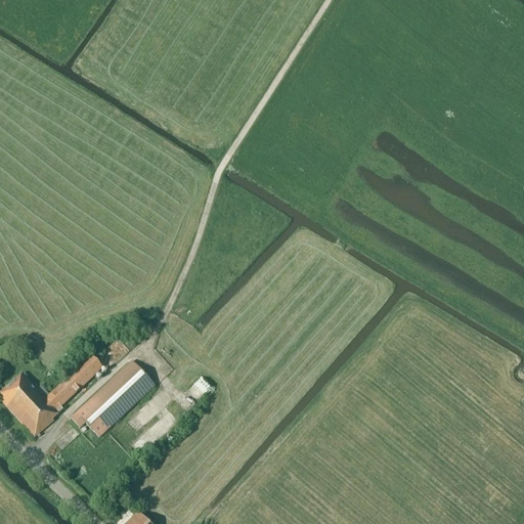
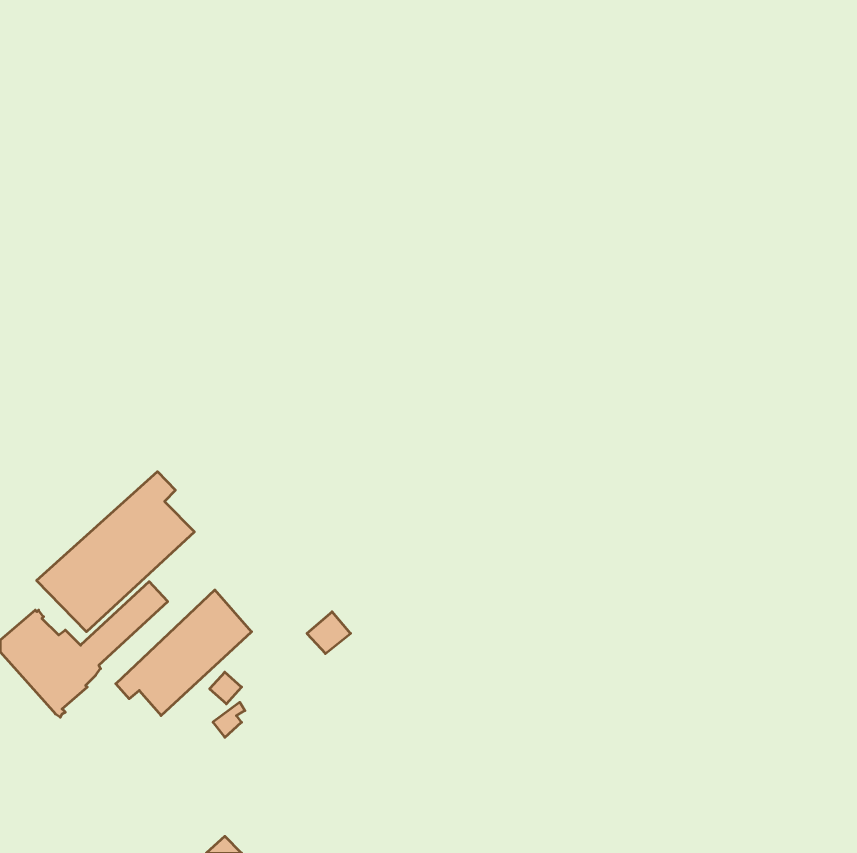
building: none -> [37,472,194,632]

